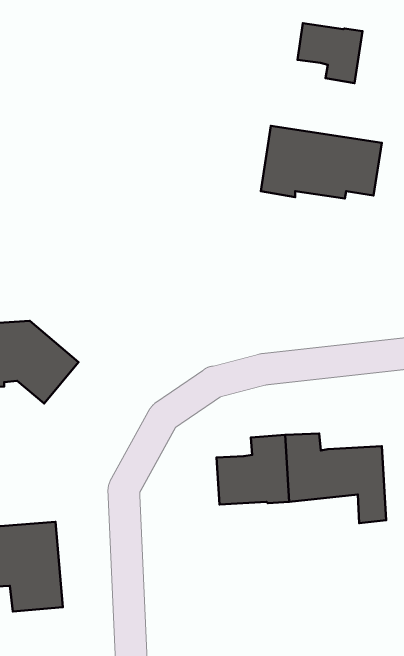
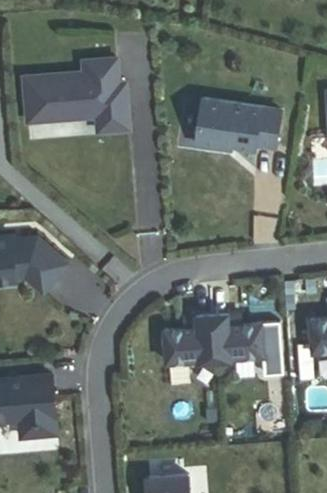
building: [297,23,363,83] -> none
building: none -> [22,57,127,131]

